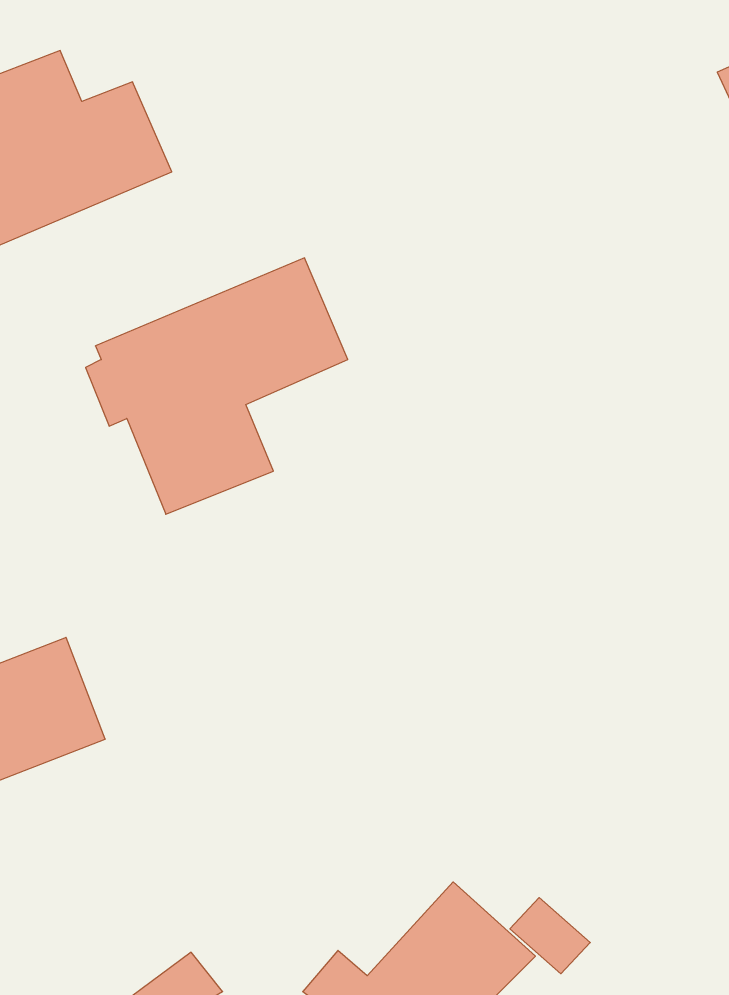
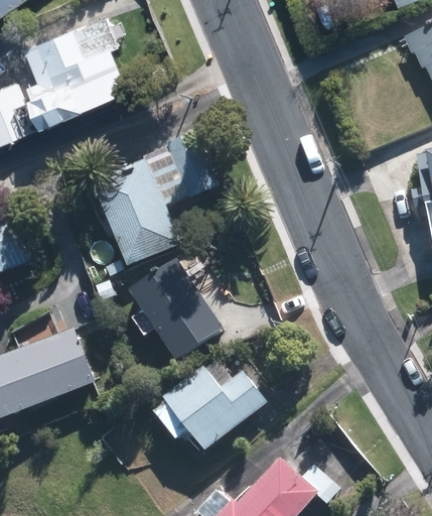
building: none -> [127,255,226,360]
building: none -> [151,359,269,452]

